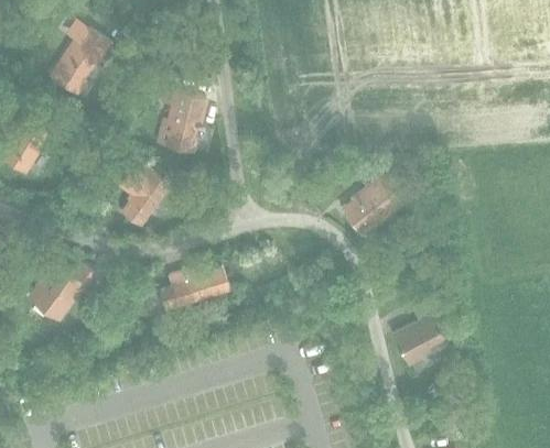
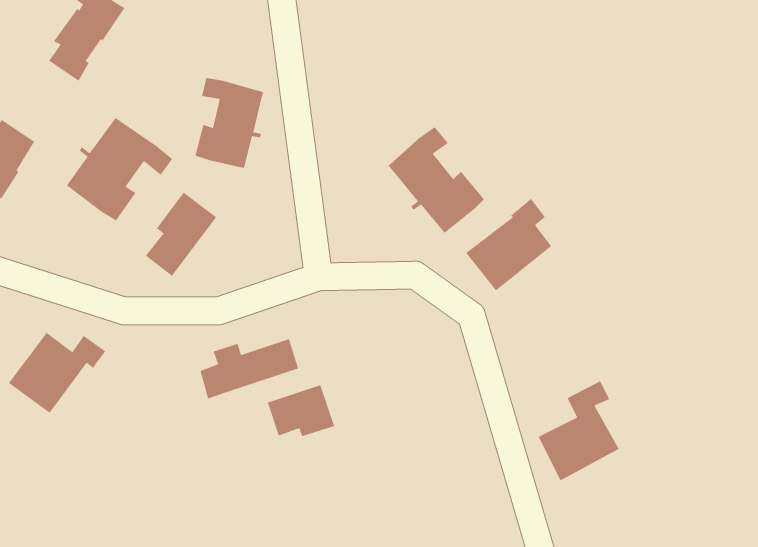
building: none -> [66,117,173,222]
building: none -> [388,126,485,234]
building: none -> [267,384,335,437]

